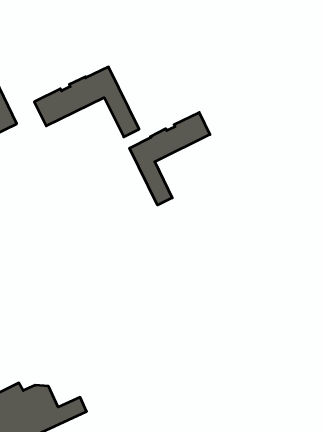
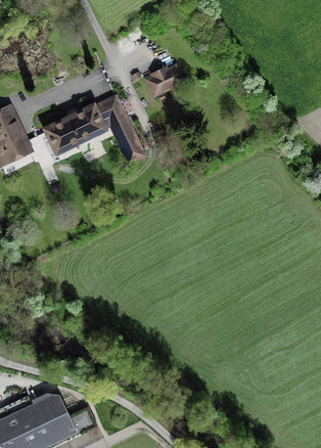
building: none -> [148,66,183,95]
building: [130,112,210,205] -> none

